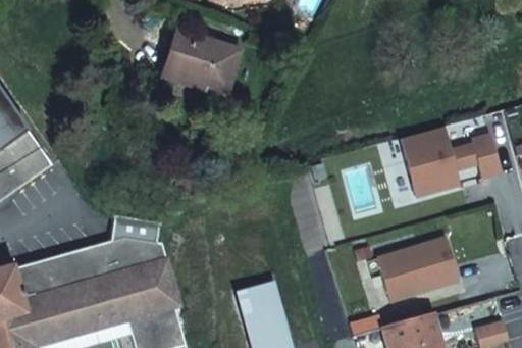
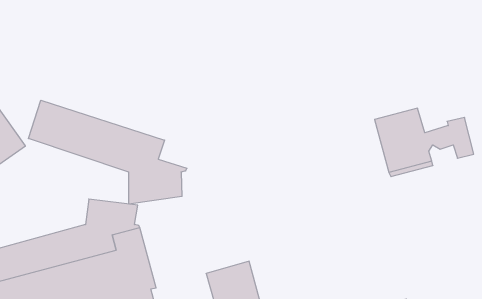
building: [163,31,239,92] -> none
building: none -> [28,100,187,204]
building: [377,240,460,303] -> none

